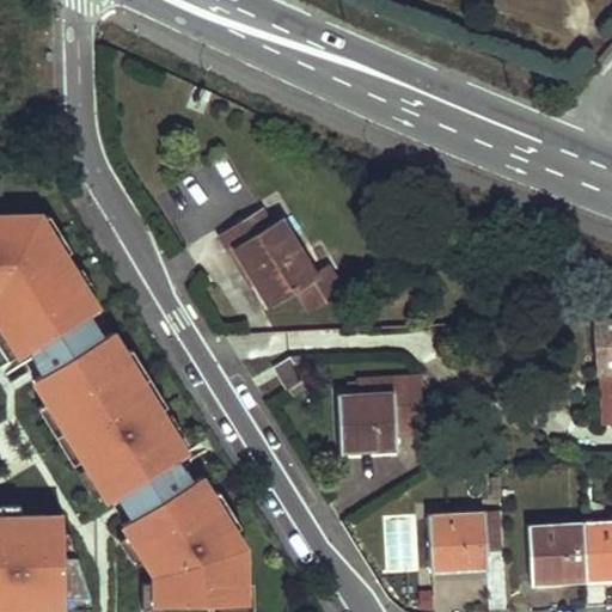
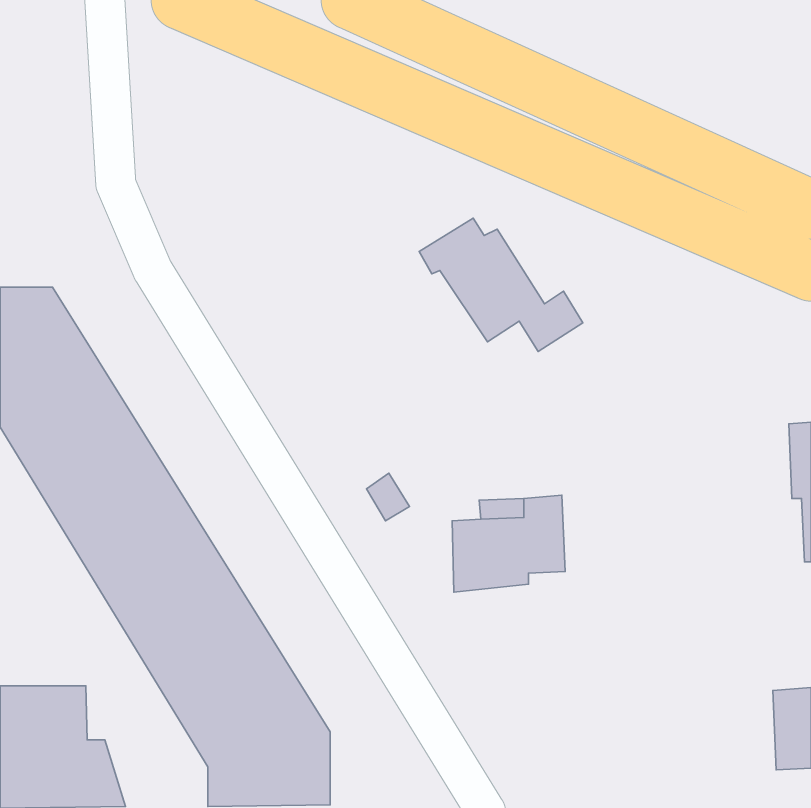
building: [226,215,349,316] -> [419,218,583,351]
building: [428,509,500,569] -> none
building: [528,522,585,585] -> none

